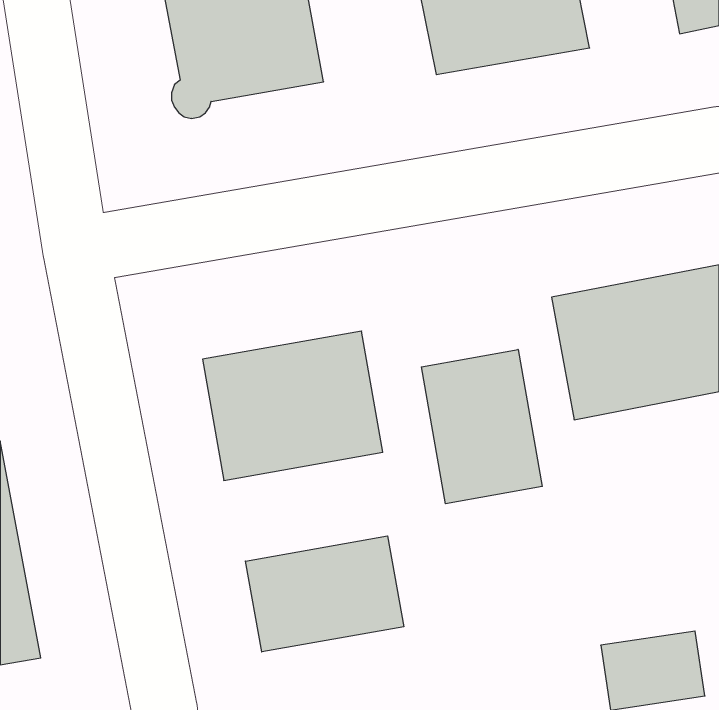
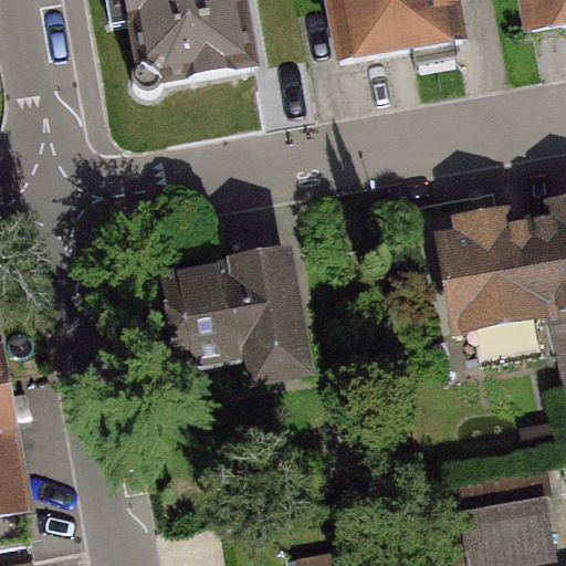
building: [421,349,542,504] -> none
building: [245,536,404,652] -> none

